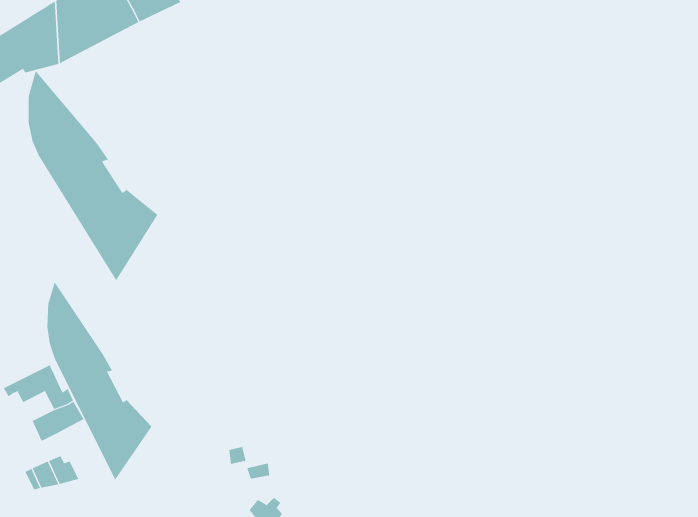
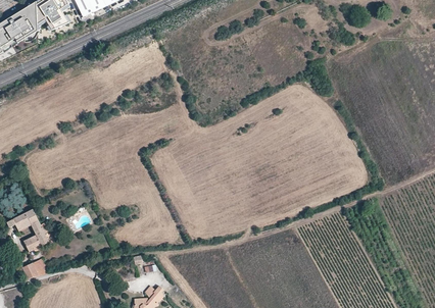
building: [28,70,158,281] -> none
building: [47,281,152,480] -> none

